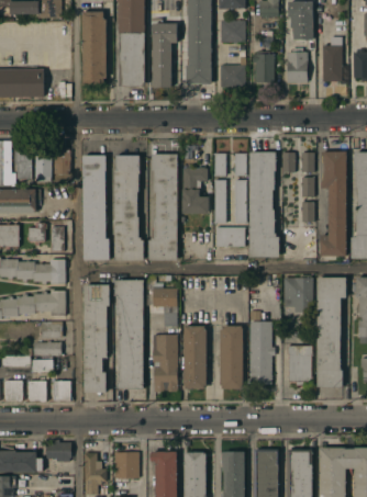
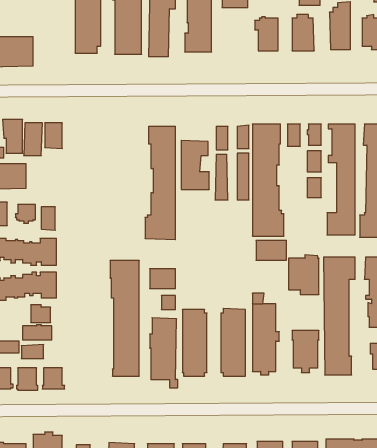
building: [220,65,245,87] -> none
building: [82,155,110,260] -> none
building: [114,155,144,260] -> none
building: [216,227,245,246] -> [256,240,286,260]
building: [84,284,109,393] -> none

